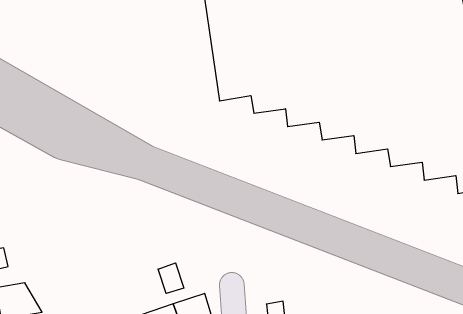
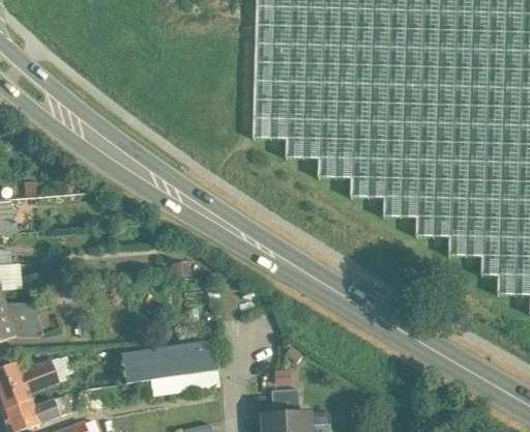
building: [158,263,184,293] -> none

